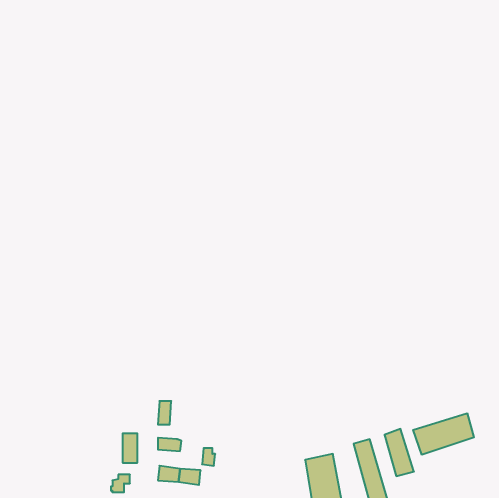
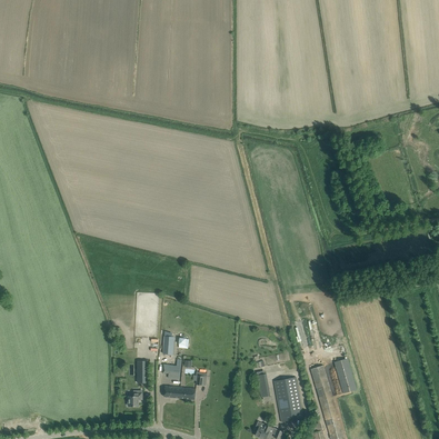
building: [413,413,474,455] -> none

